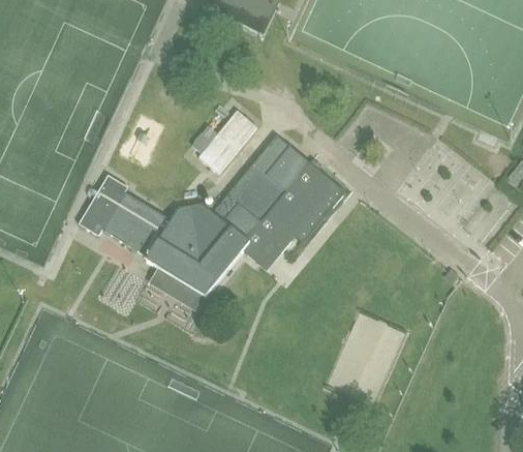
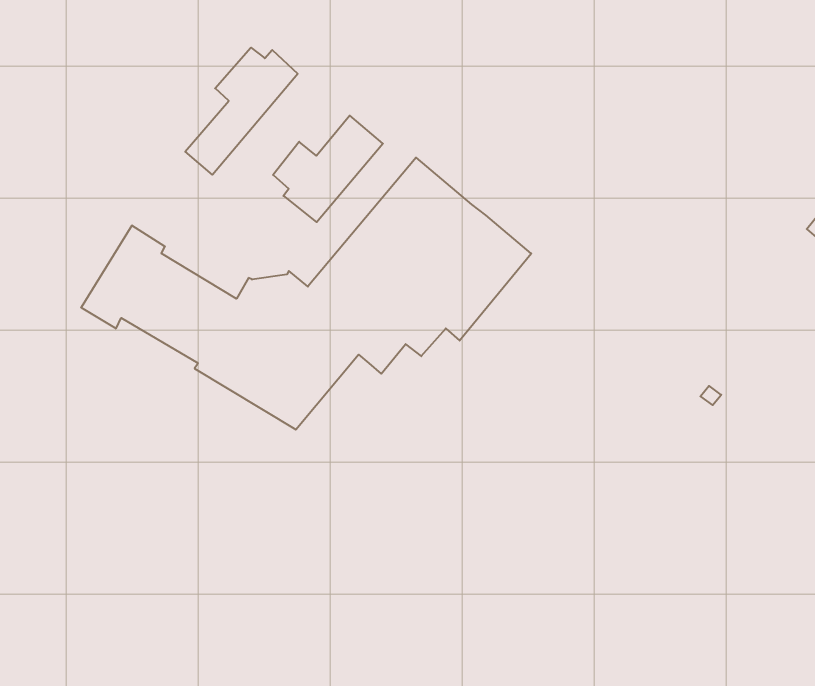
building: none -> [185,48,298,175]

